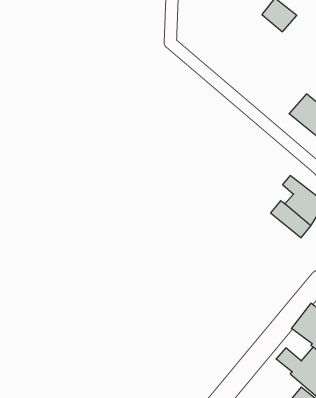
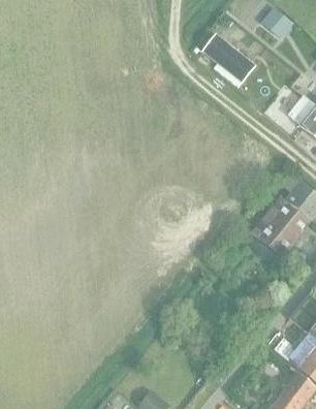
building: none -> [202,34,255,83]
building: none -> [250,209,298,256]

